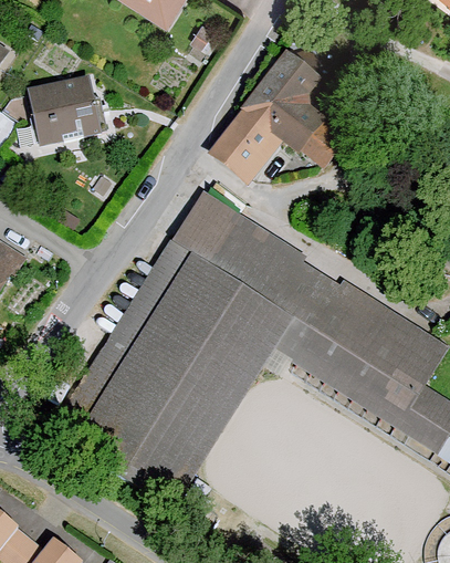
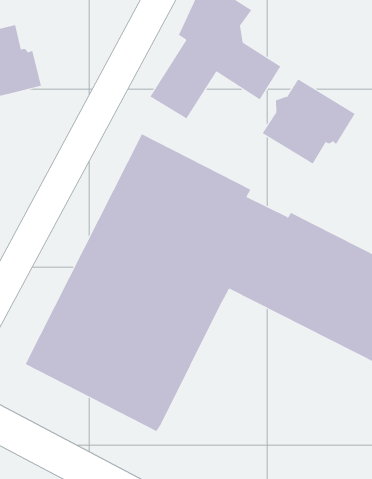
building: none -> [262,78,355,165]

